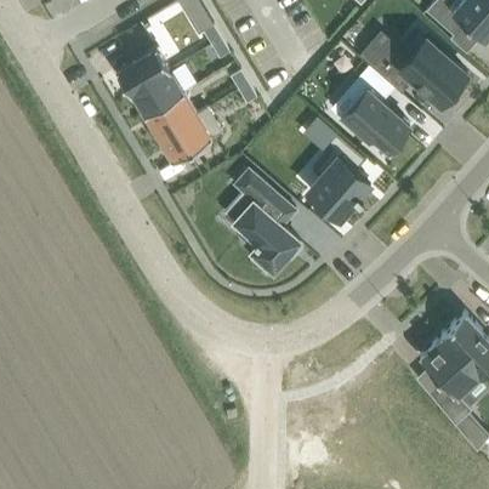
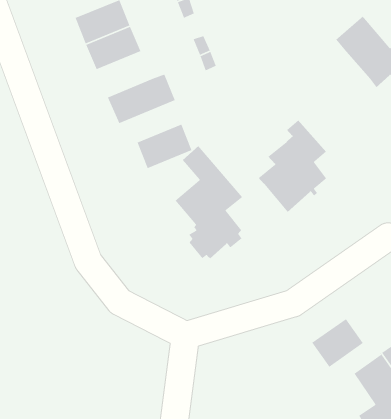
building: [341,66,409,150] -> none
building: [144,92,197,138] -> [136,123,193,169]
building: none -> [311,318,364,368]

